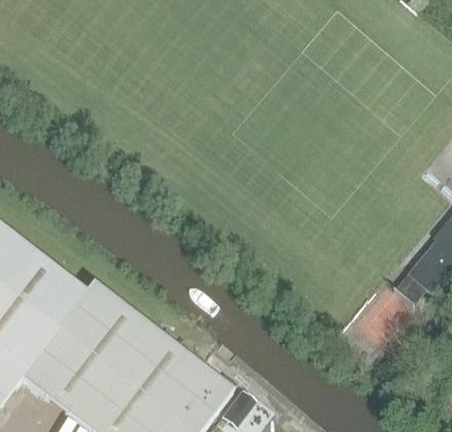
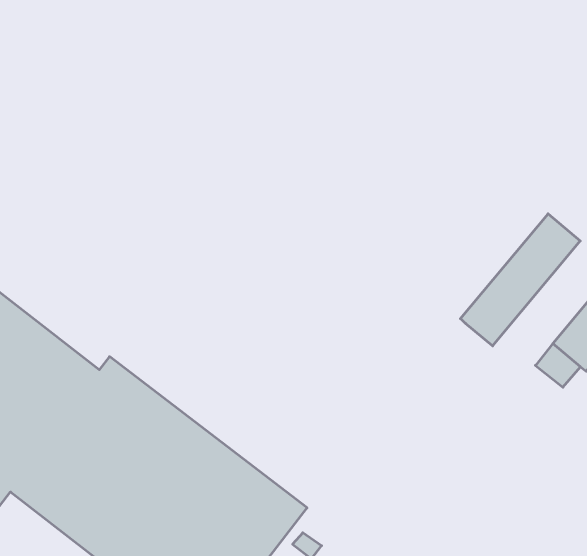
building: none -> [460,214,580,346]

